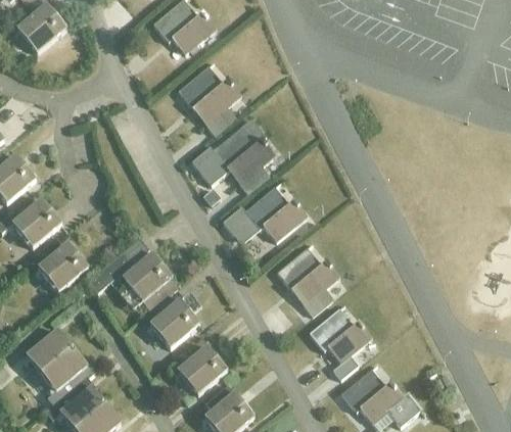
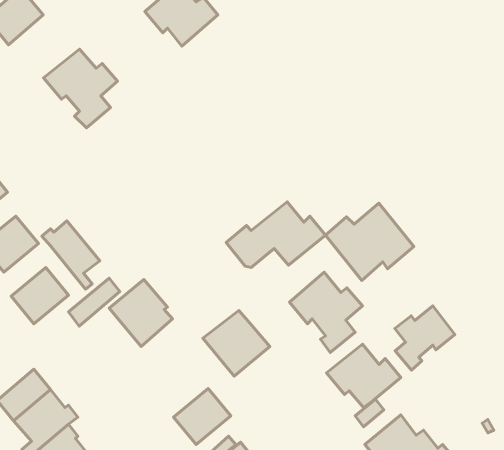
building: [177,66,240,134] -> [44,49,118,128]
building: [190,118,274,193] -> none
building: none -> [325,203,414,280]
building: none -> [42,221,100,289]
building: none -> [395,306,455,370]
building: [142,292,199,348] -> [203,310,270,376]

